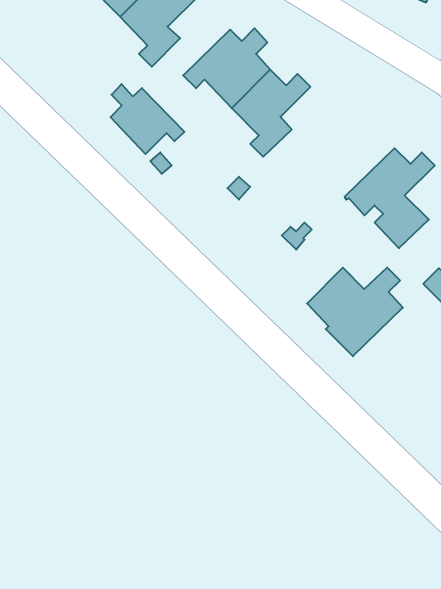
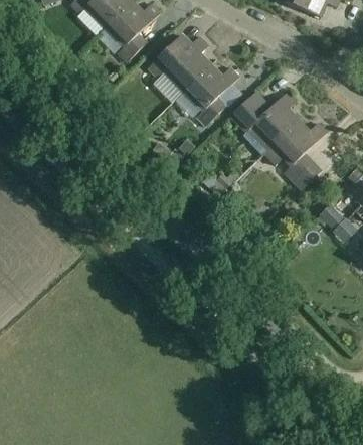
building: [111,84,184,154] -> none
building: [307,268,403,356] -> [230,90,298,152]

